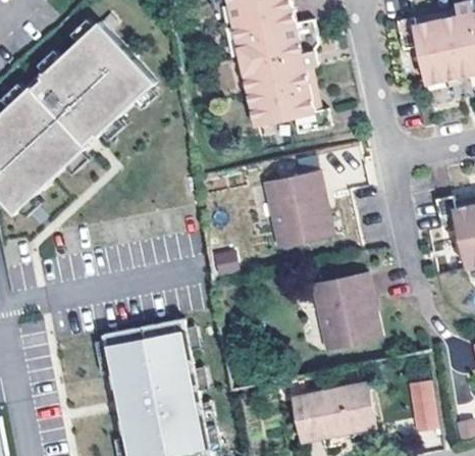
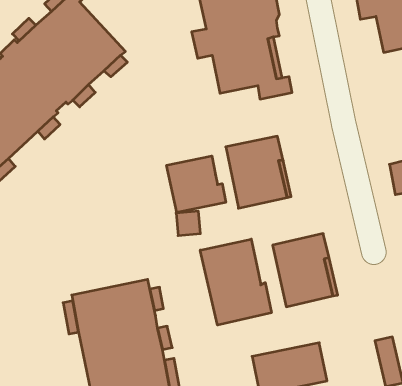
building: none -> [167,156,226,213]
building: none -> [200,239,271,325]

